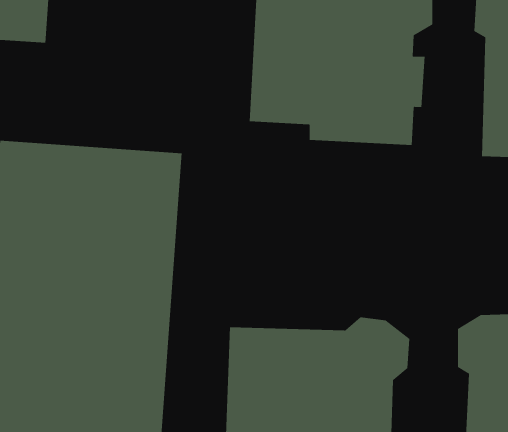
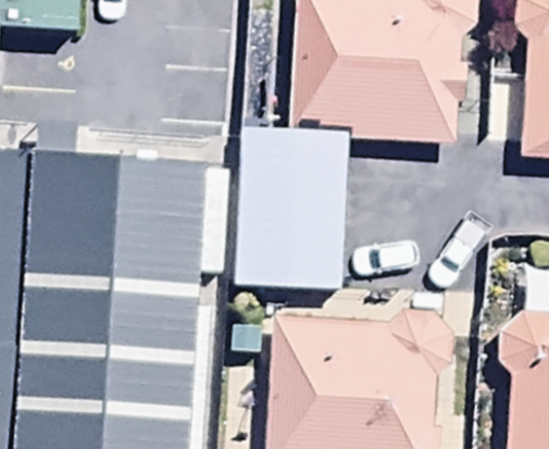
building: none -> [236,134,344,294]

